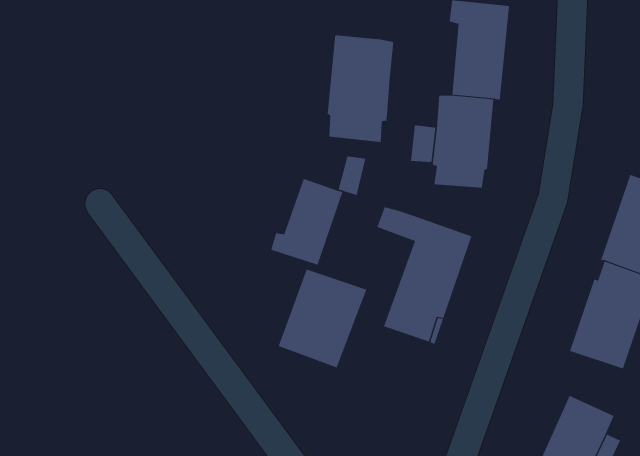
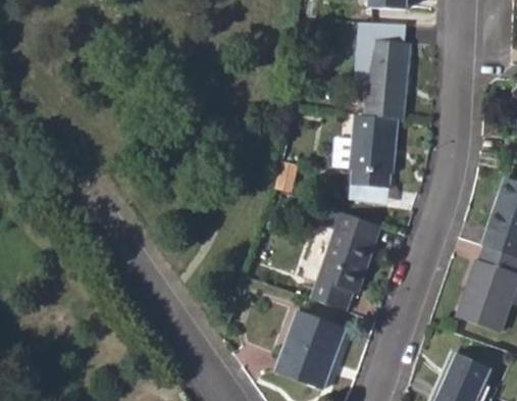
building: [327,34,394,143] -> none
building: [270,178,343,266] -> none
building: [278,269,367,368] -> [275,311,346,390]

